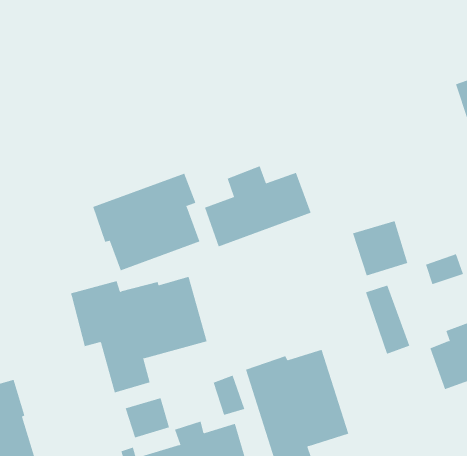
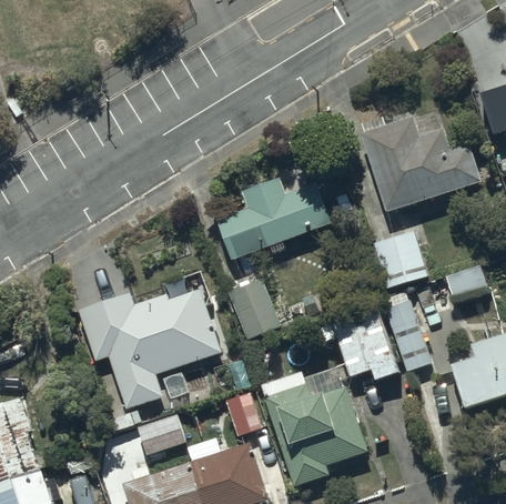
building: none -> [360,113,484,212]
building: [93,173,200,271] -> none
building: none -> [227,281,279,342]
building: none -> [328,308,398,381]

